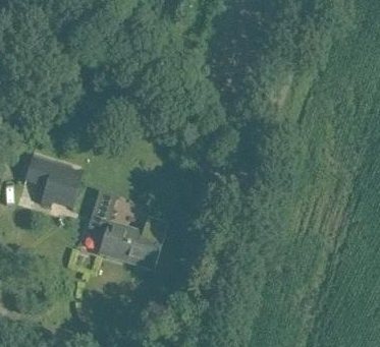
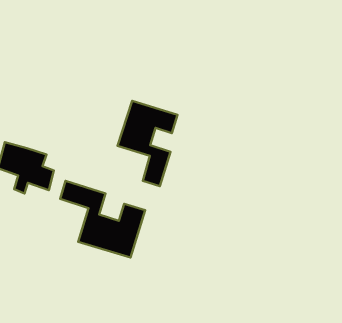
building: none -> [117,101,178,186]

